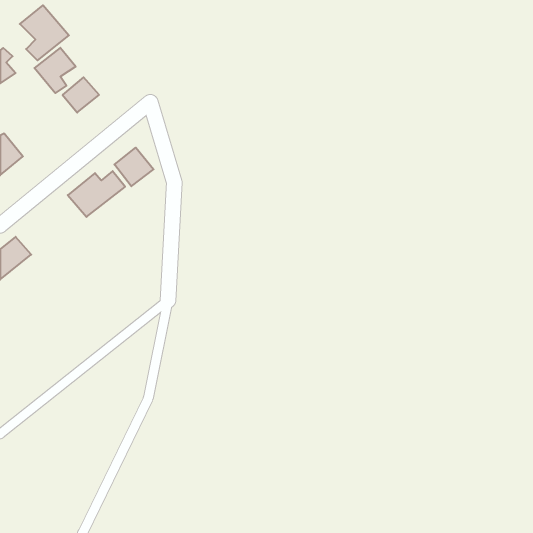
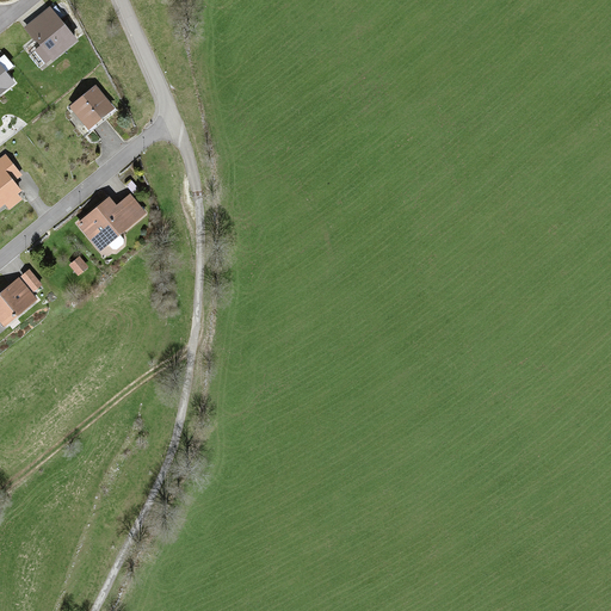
building: [34,48,76,93] -> none
building: [114,148,154,186] -> none

